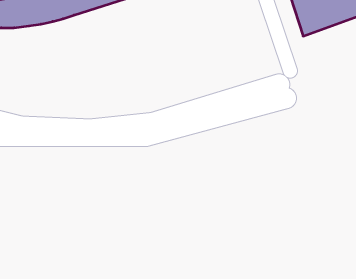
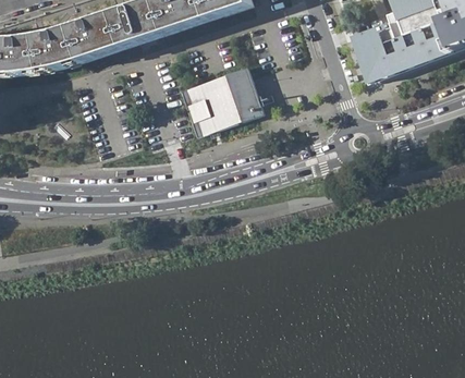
building: none -> [180,63,261,132]

